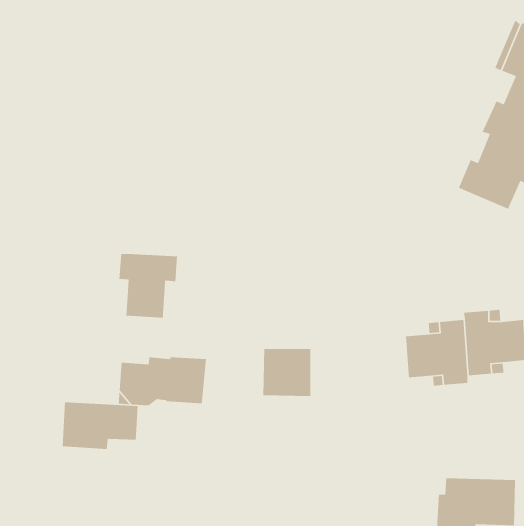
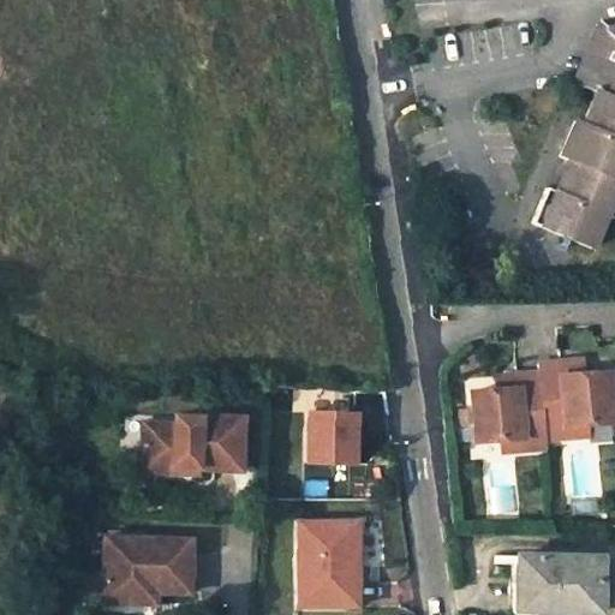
building: [119,253,178,318] -> none
building: [62,401,138,450] -> [102,536,191,592]
building: none -> [301,523,360,605]

